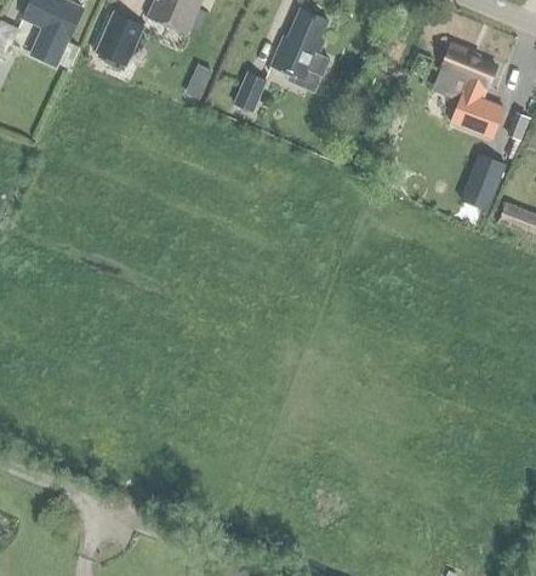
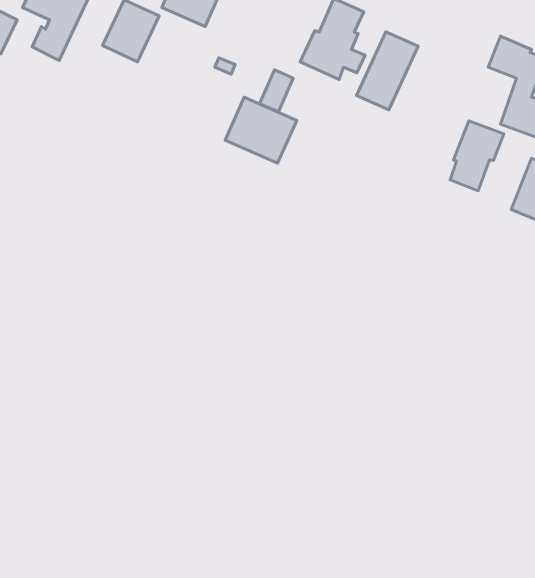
building: none -> [356,32,418,110]
building: none -> [225,97,297,163]
building: none -> [450,121,504,191]

